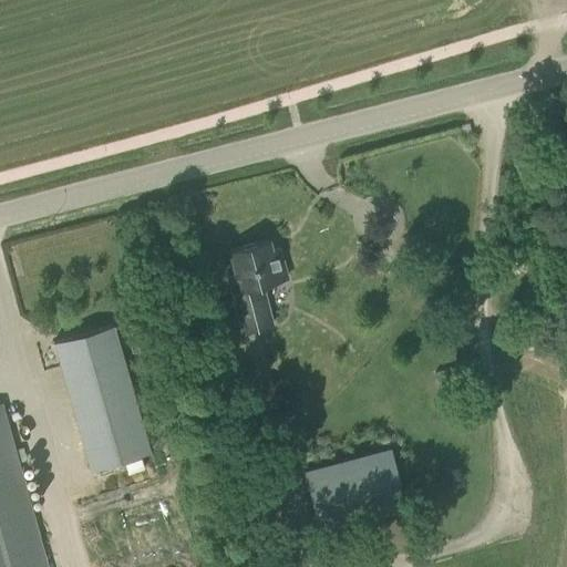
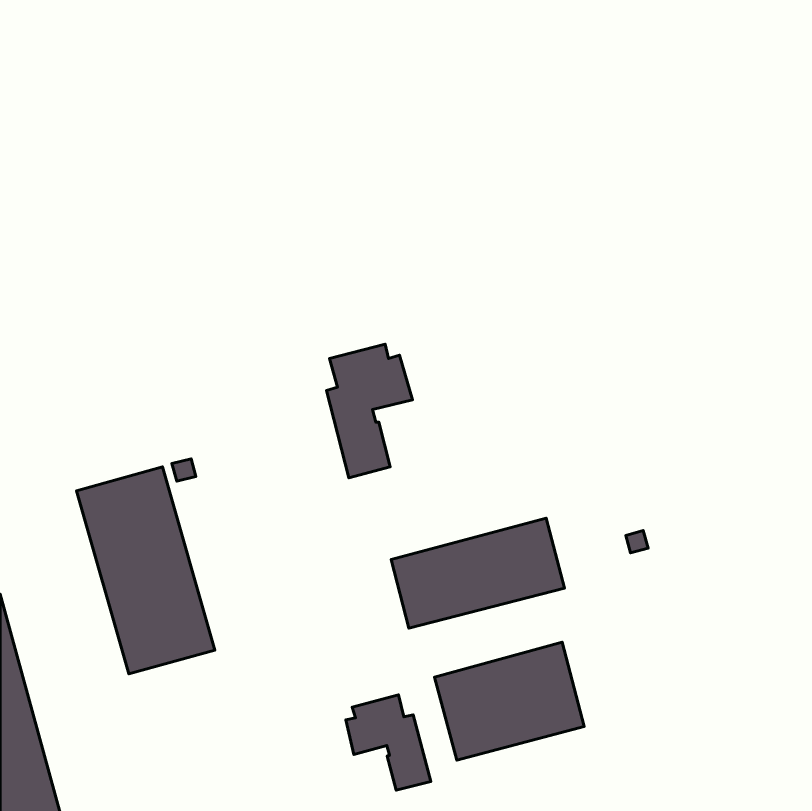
building: none -> [391,518,565,628]
building: none -> [346,695,431,790]

